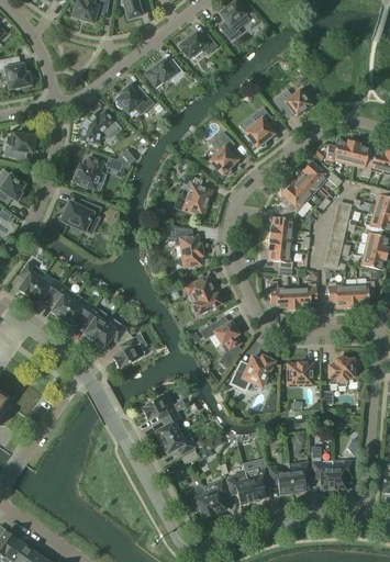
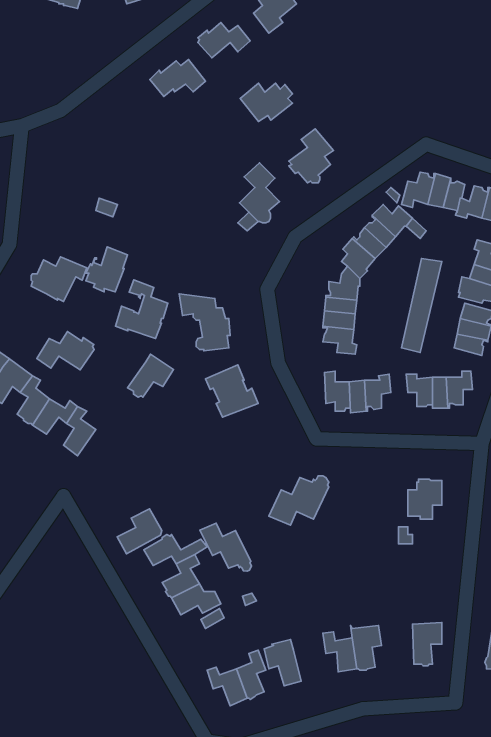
building: [115,86,153,112] -> none
building: [274,89,311,116] -> [240,83,293,122]
building: [80,110,119,144] -> none
building: [74,156,103,188] -> [86,247,127,292]
building: [174,173,211,215] -> [115,280,168,339]
building: none -> [37,331,94,370]
building: [93,316,126,347] -> [127,354,174,397]
building: [200,321,241,349] -> none
building: [112,336,144,368] -> [117,509,162,554]
building: [287,361,313,384] -> none
building: none -> [200,523,251,571]
building: [312,457,333,490] -> none
building: [245,467,268,501] -> none

